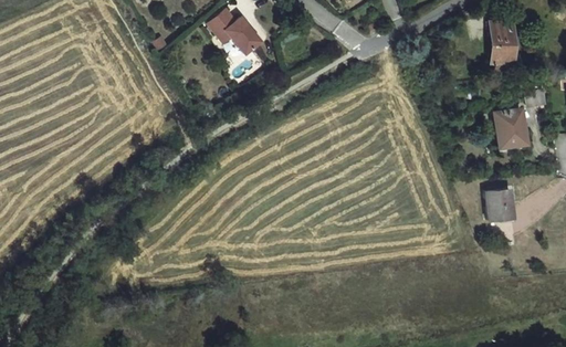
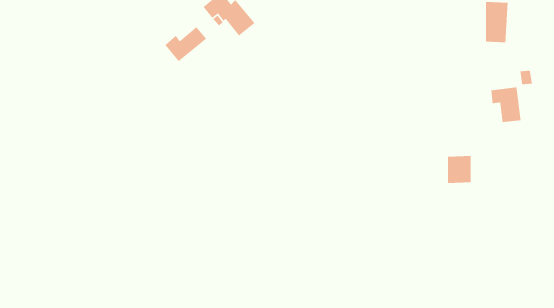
building: none -> [164,26,207,62]
building: [490,192,514,221] -> [447,155,471,184]

